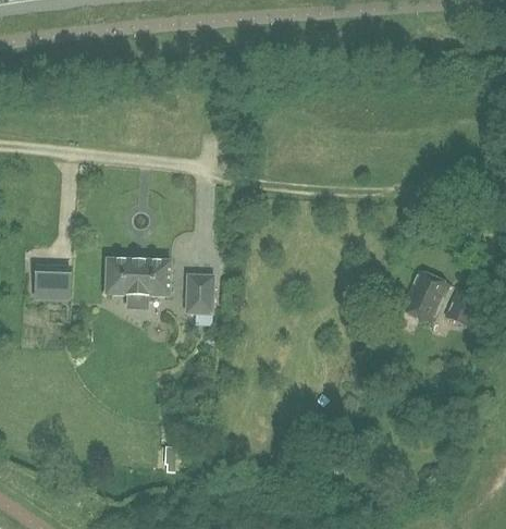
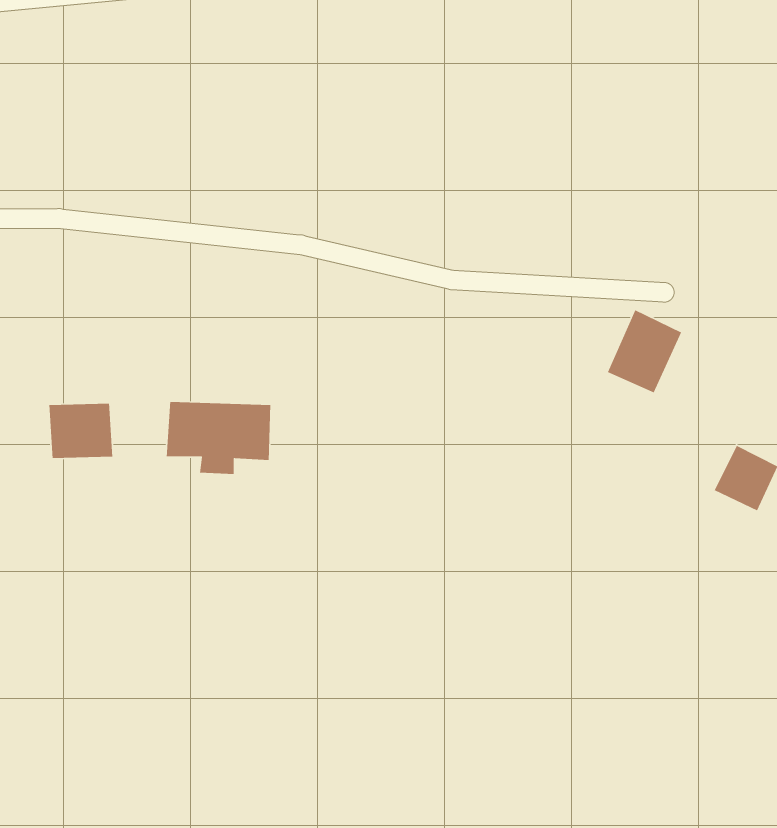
building: [402,270,448,322] -> [607,309,682,394]
building: [185,274,212,323] -> none

